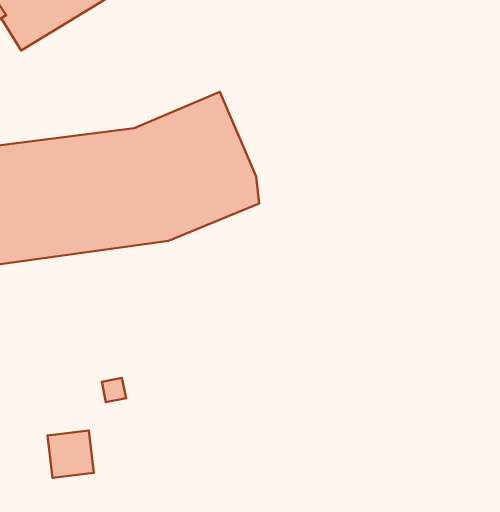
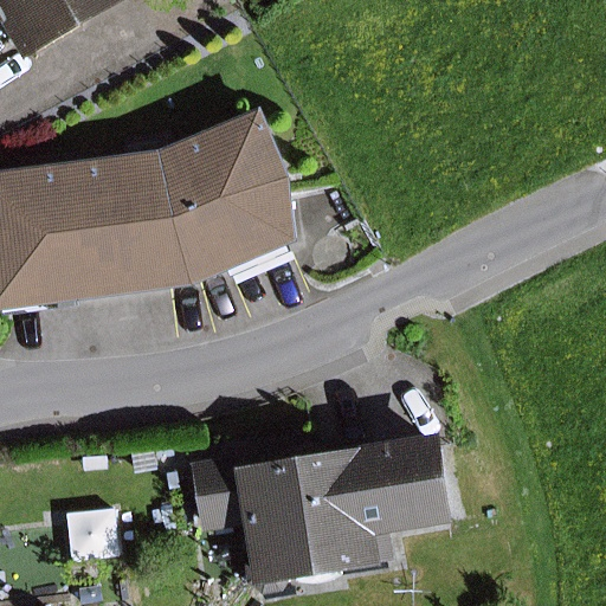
building: none -> [182,431,457,593]

